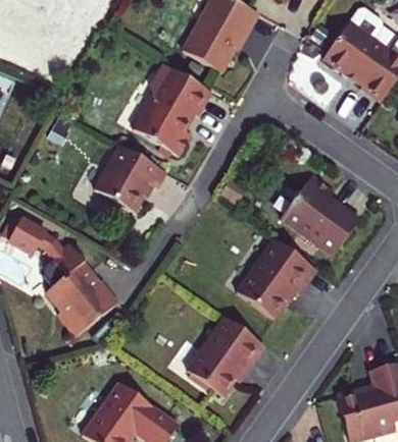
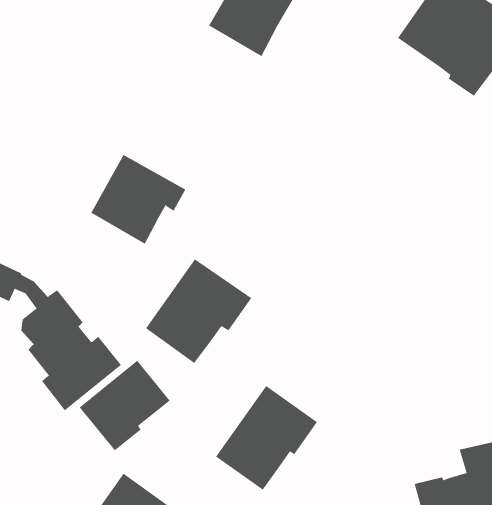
building: [133,64,211,155] -> none
building: [280,174,359,255] -> none
building: [237,239,316,318] -> [145,259,252,364]
building: none -> [79,360,170,451]

